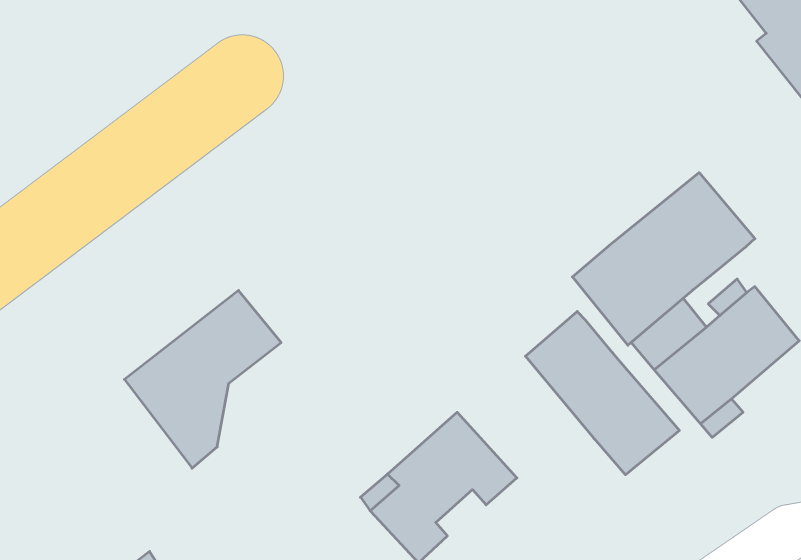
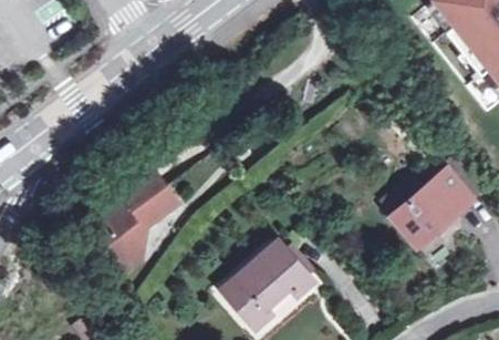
building: [572,173,755,345] -> none
building: [525,311,679,475] -> none

